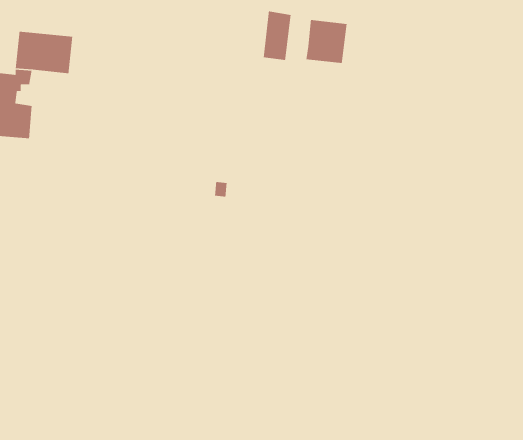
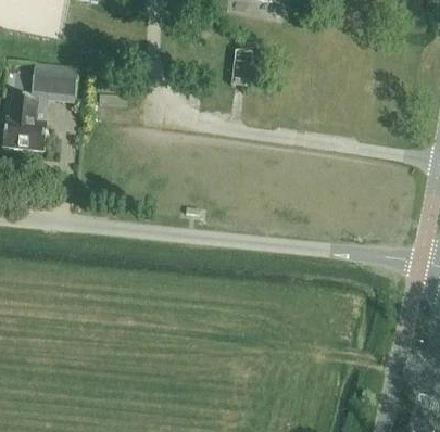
building: [305,19,347,64] -> none

